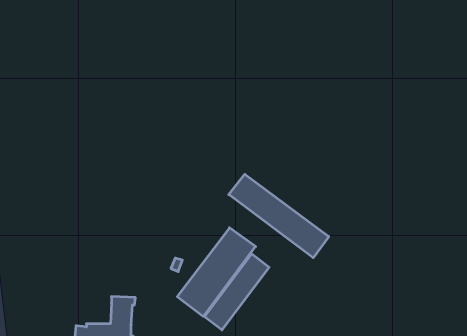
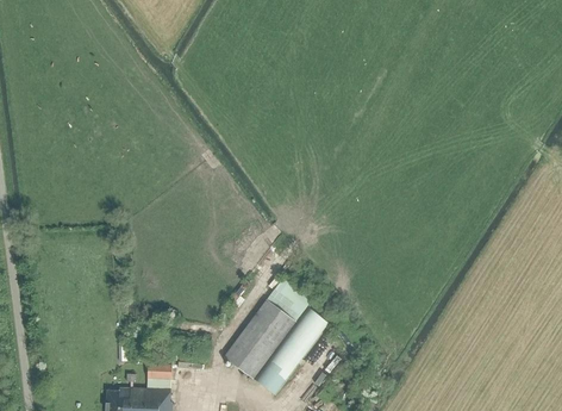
building: [229,174,329,258] -> none

